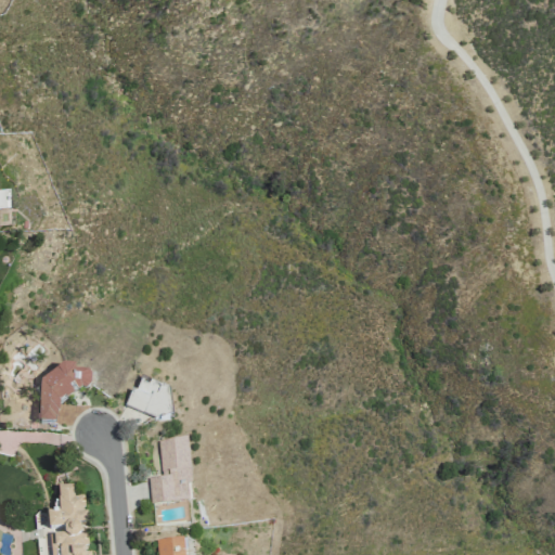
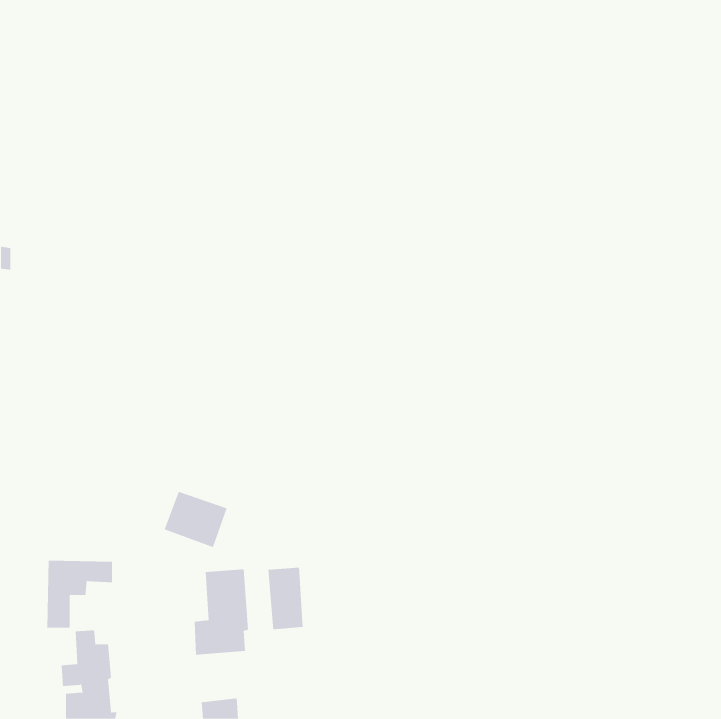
building: [40,369,91,421] -> [47,560,113,628]
building: none -> [268,567,303,630]

